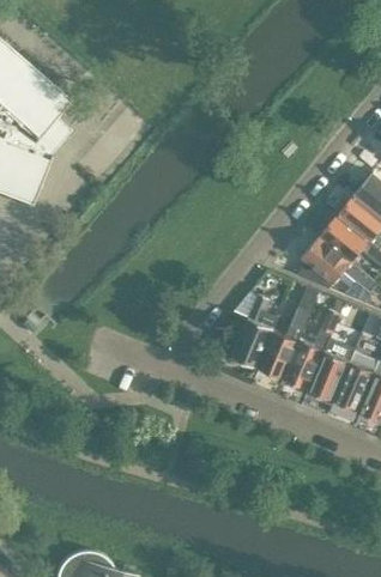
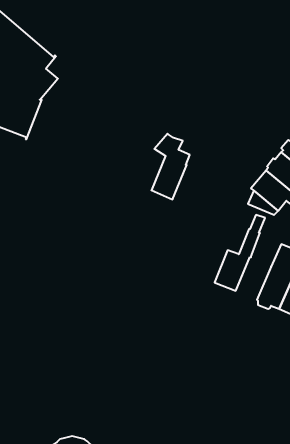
building: [231,292,277,370] -> [151,134,190,199]
building: [282,310,338,390] -> none

